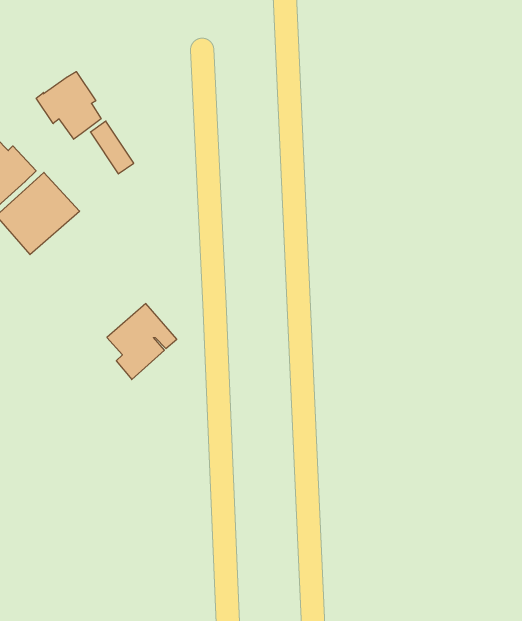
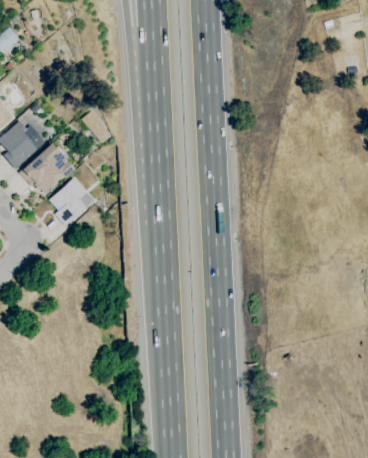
building: [36,72,101,139] -> none
building: [107,304,177,380] -> [49,177,94,226]

